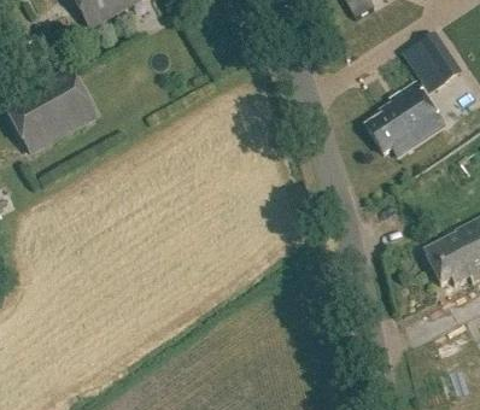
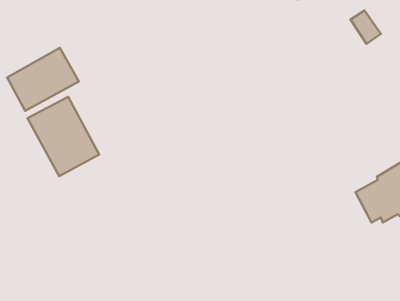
building: [367,82,445,156] -> none
building: none -> [27,97,99,176]

